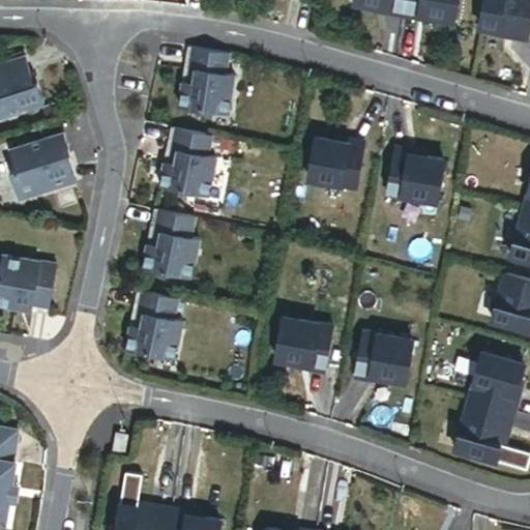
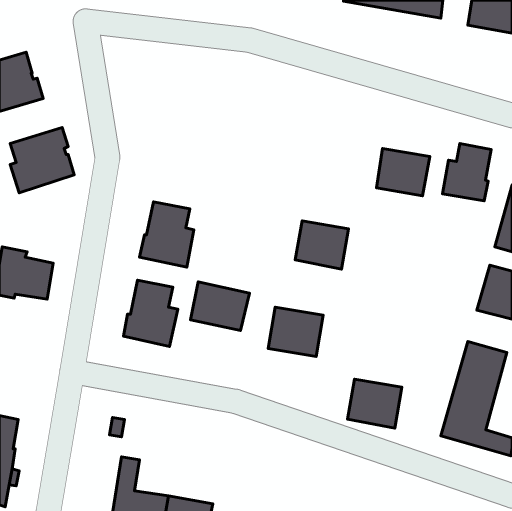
building: [179,49,236,116] -> none
building: [160,128,216,197] -> none
building: [310,141,364,190] -> [295,221,348,269]
building: none -> [443,144,491,201]
building: none -> [190,282,249,330]
building: [355,333,411,384] -> [348,379,402,428]

